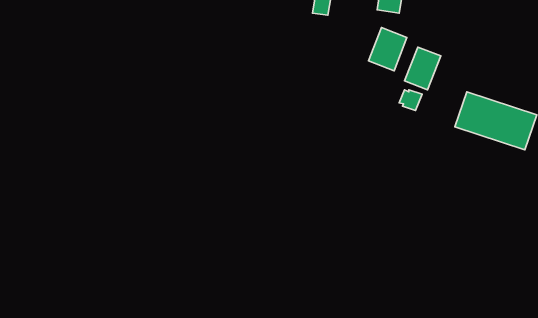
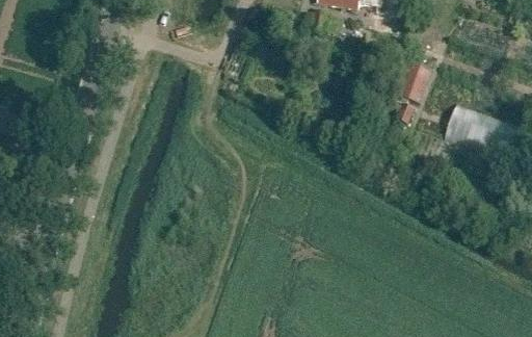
building: [369,28,407,71] -> none

